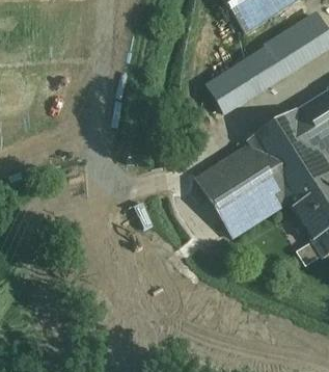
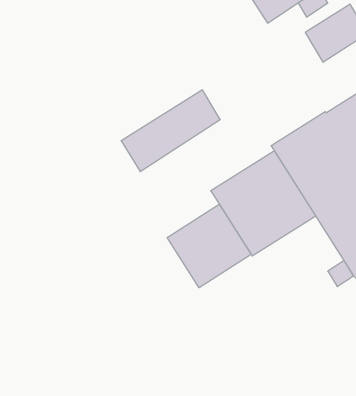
building: [207,39,294,111] -> [121,90,220,172]
building: none -> [167,204,251,288]

